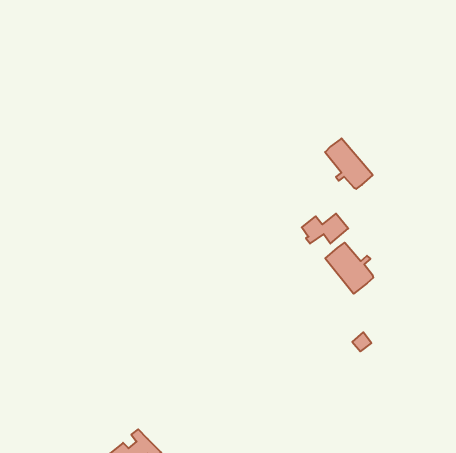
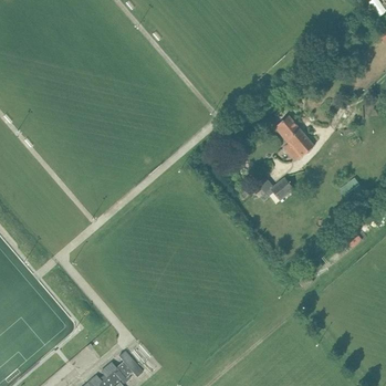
building: [325,243,373,294] -> none

